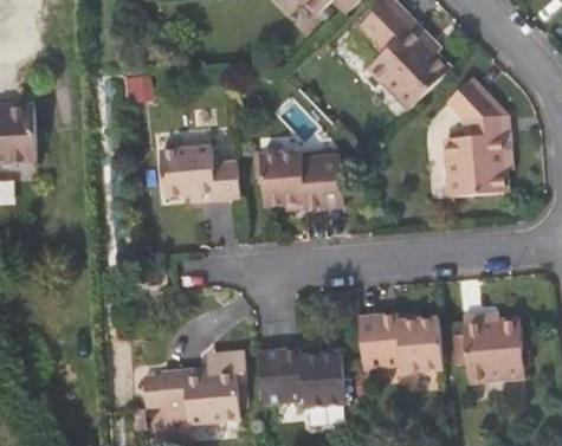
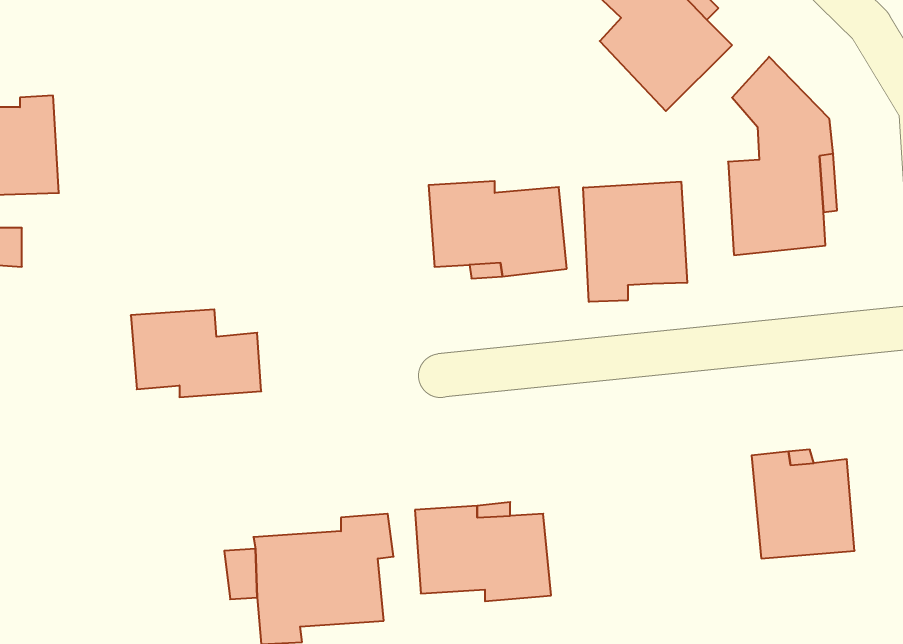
building: [162,144,241,198] -> [131,309,261,397]
building: none -> [583,182,687,302]
building: [358,315,441,371] -> none

